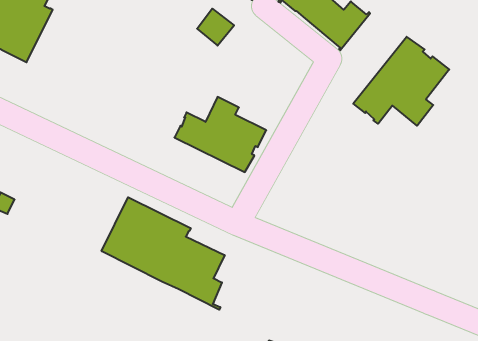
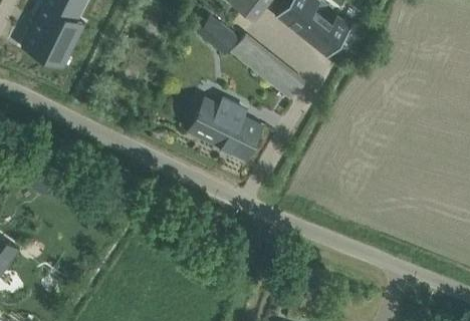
building: [353,37,449,126] -> none
building: [102,197,225,310] -> none

